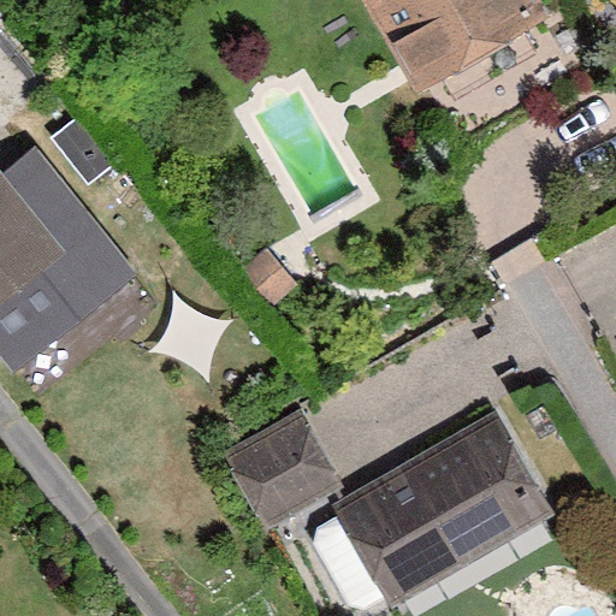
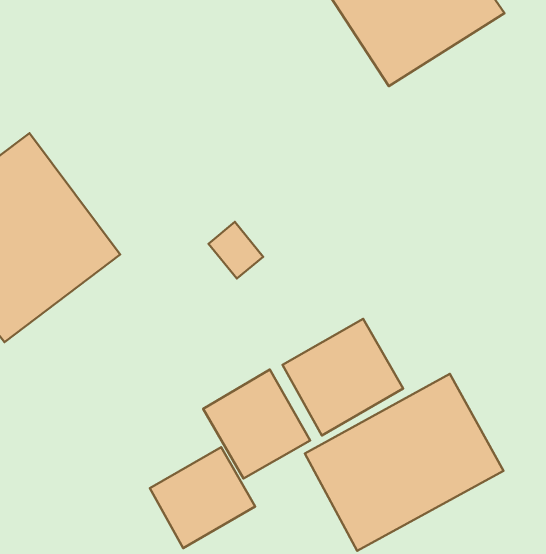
building: none -> [283,319,403,435]
building: none -> [150,447,255,548]

